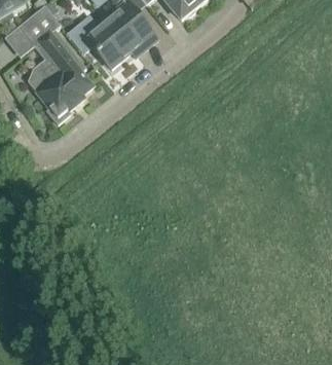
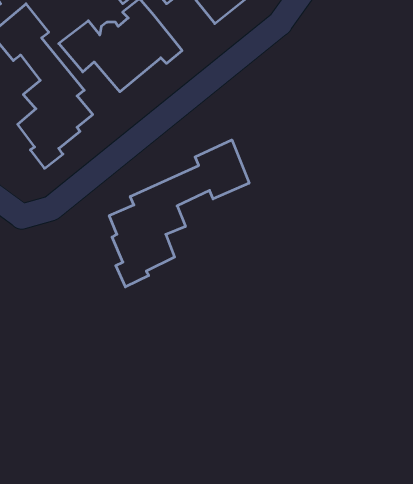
building: none -> [109,140,249,287]

